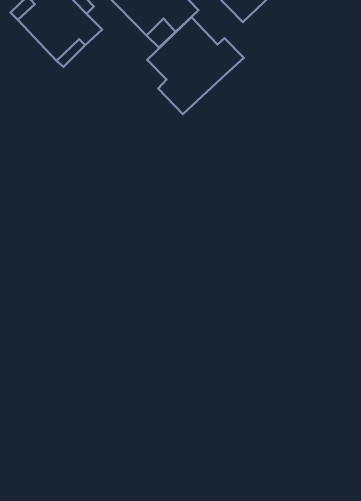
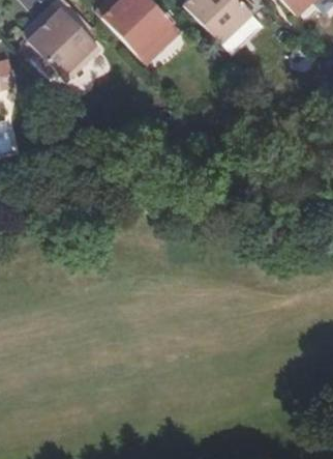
building: [147,17,244,114] -> none

